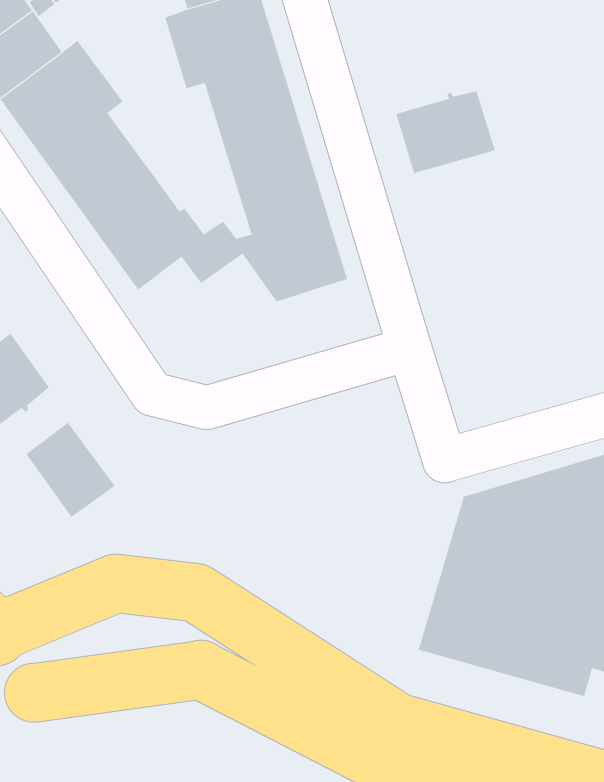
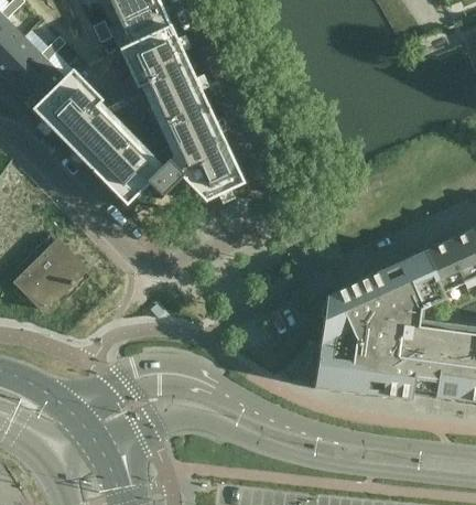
building: [395,90,495,174] -> none
building: [26,422,116,518] -> none

